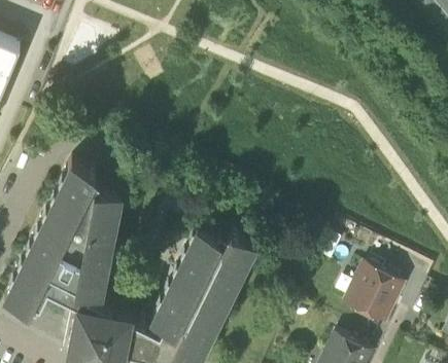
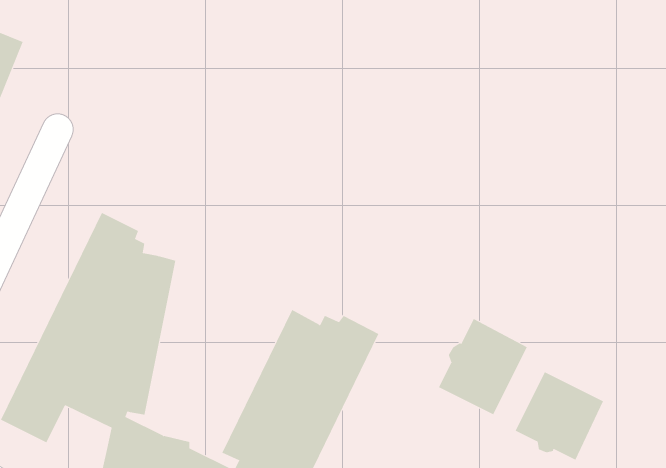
building: none -> [438,318,527,415]

